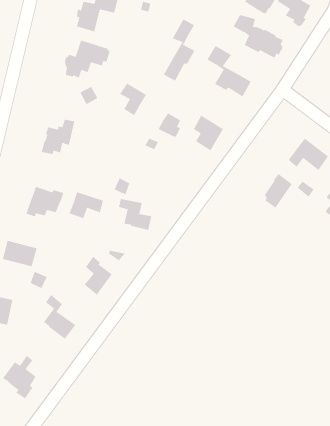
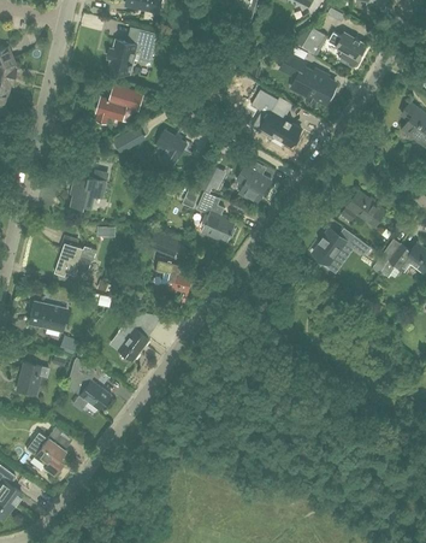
building: [163,19,195,82] -> none
building: none -> [196,197,235,240]
building: [69,192,103,219] -> none

